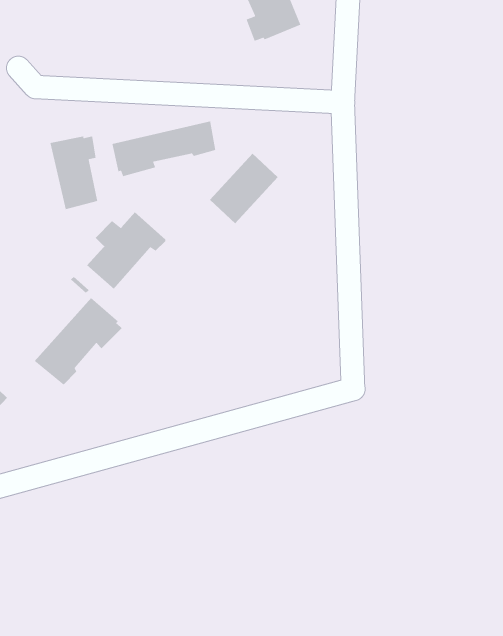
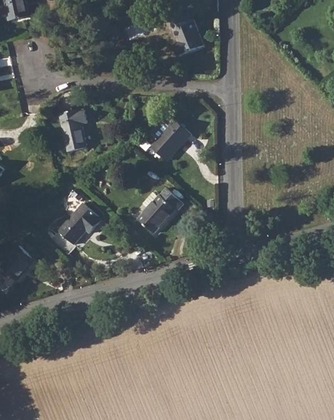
building: [112,121,216,177] -> none
building: [86,212,166,290] -> [139,187,185,232]

